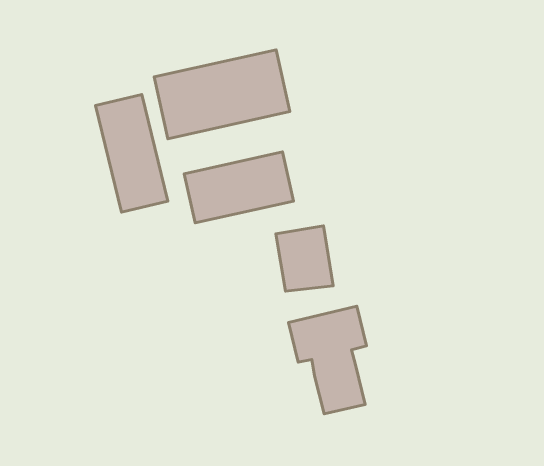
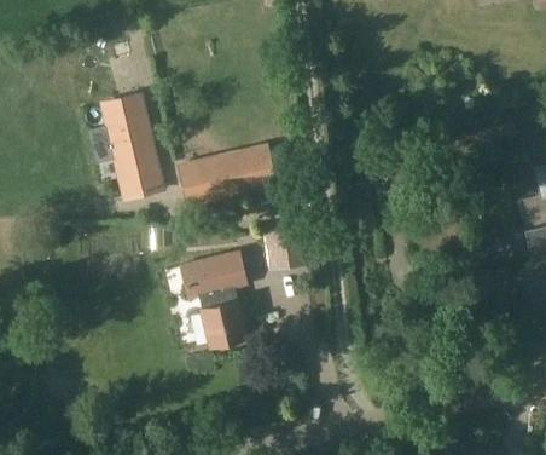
building: [154,50,290,139] -> none
building: [289,306,366,414] -> [179,250,248,346]

